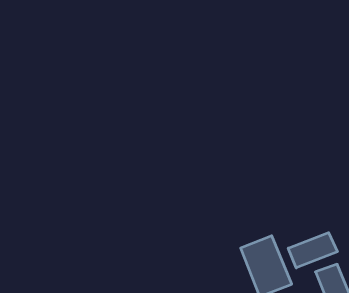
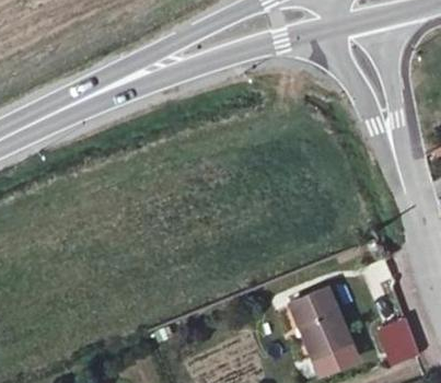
building: [288,233,337,268] -> none

